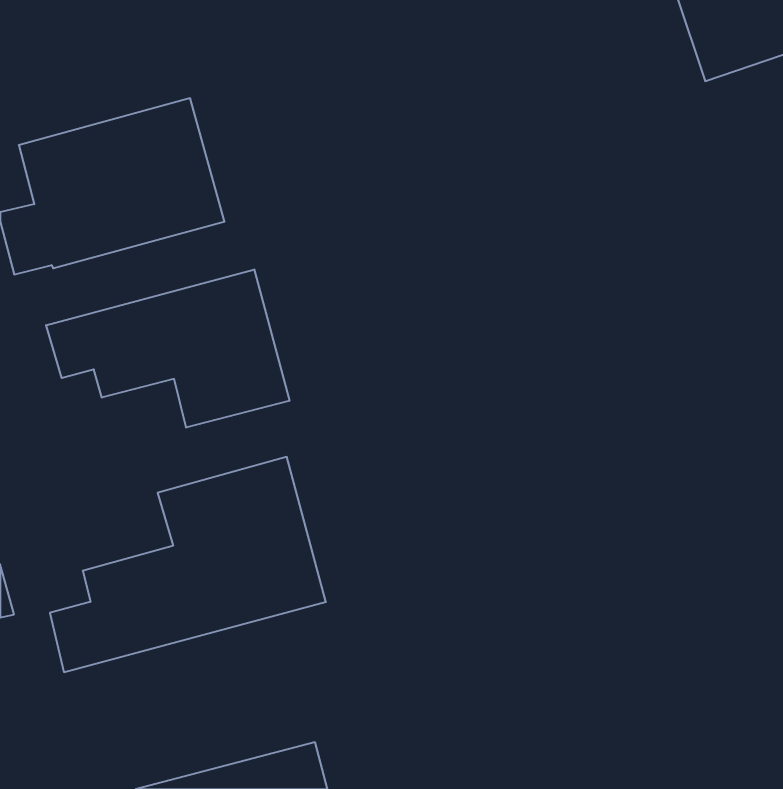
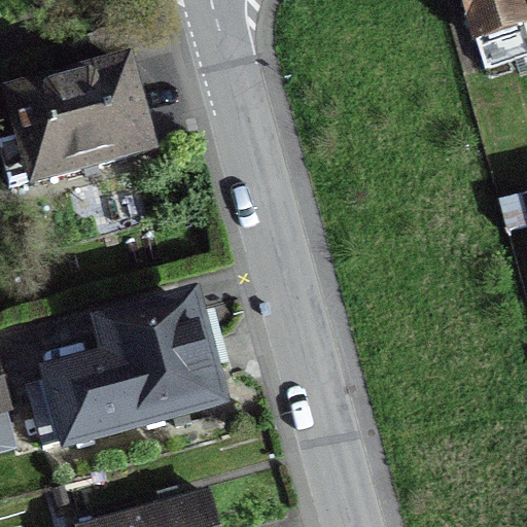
building: [46,269,289,428] -> none

